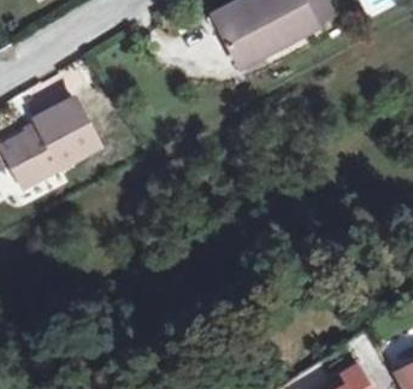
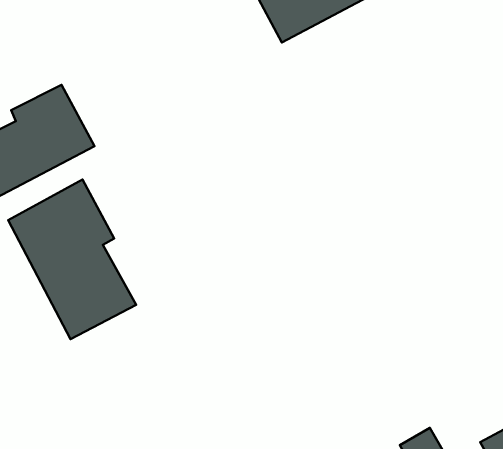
building: none -> [8,180,136,339]

